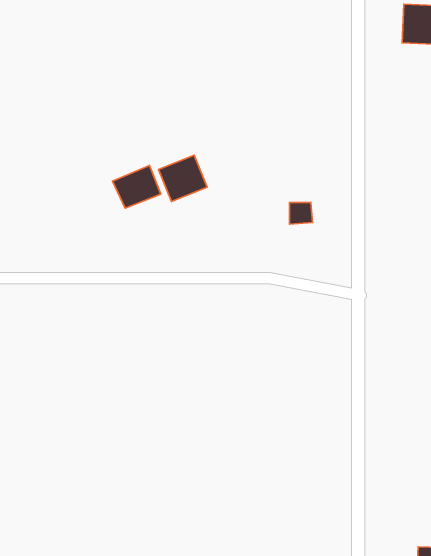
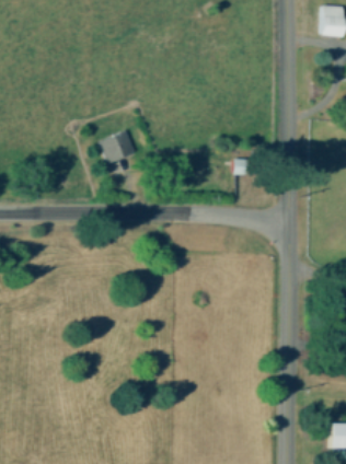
building: [158,155,207,201] -> none

